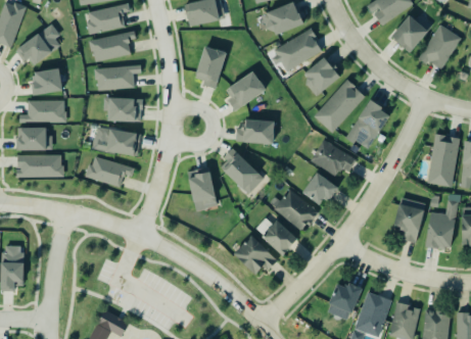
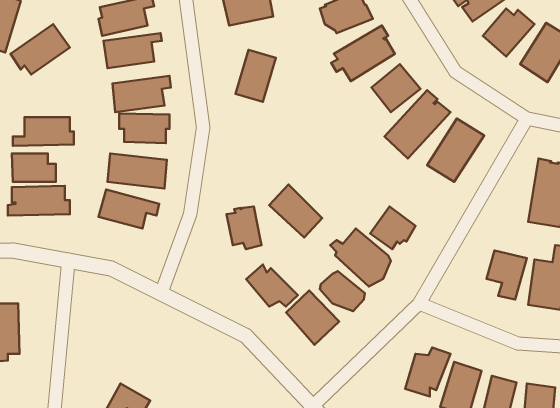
building: [224,68,264,109] -> none
building: [34,69,61,93] -> none
building: [234,116,274,142] -> none
building: [310,139,356,176] -> none
building: none -> [246,265,298,307]

